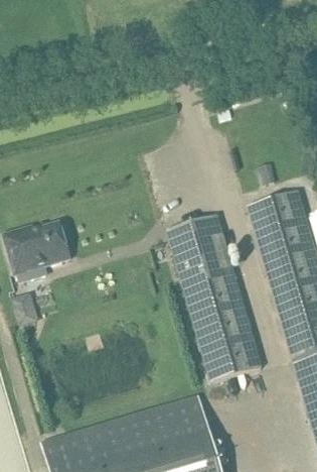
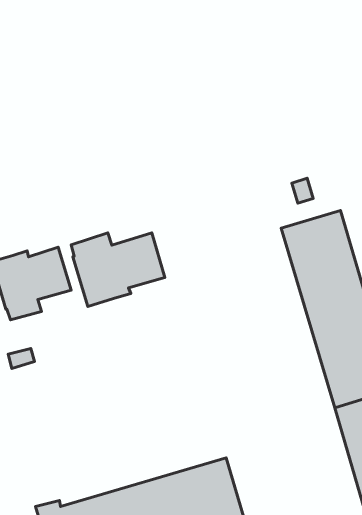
building: none -> [71,233,165,307]
building: [166,215,262,382] -> none

